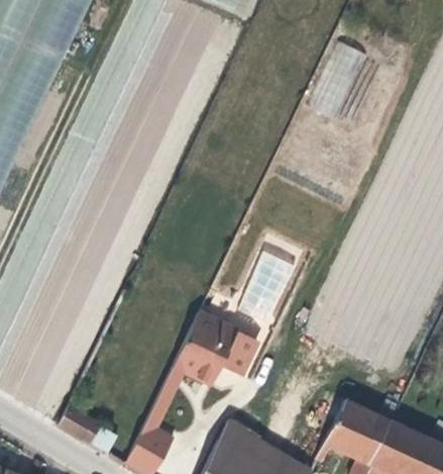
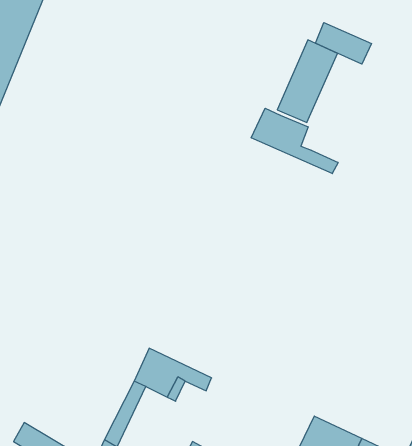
building: none -> [315,23,372,64]
building: none -> [251,108,338,174]
building: [188,311,258,363] -> none

